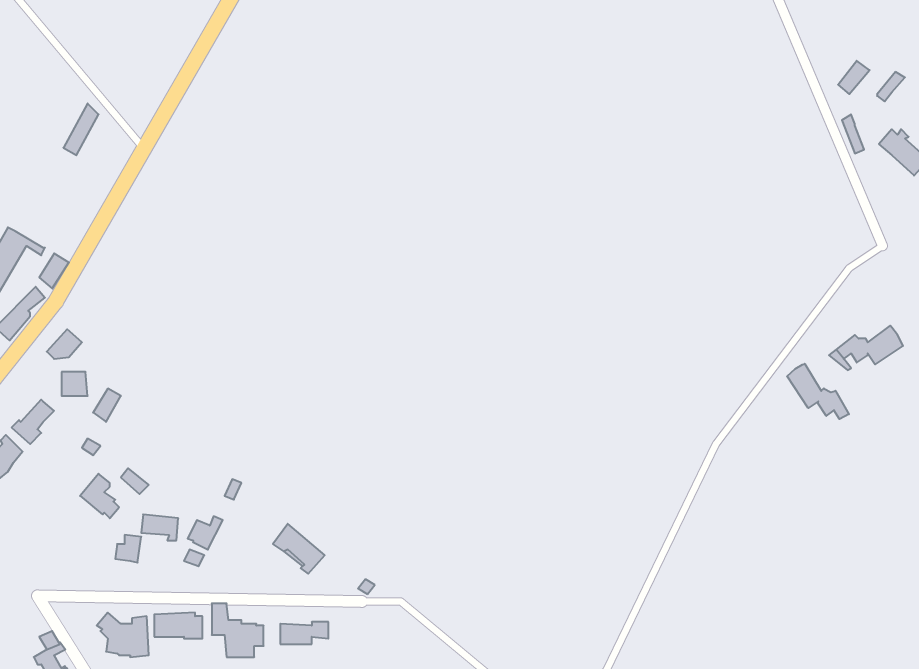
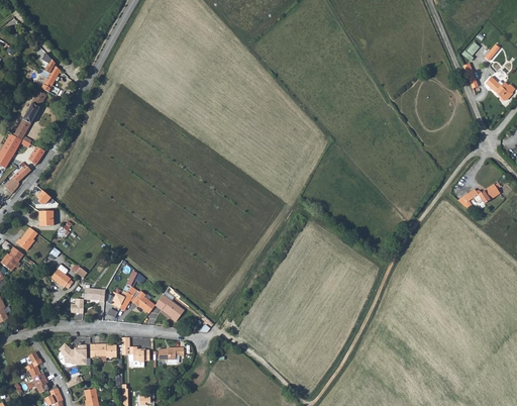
building: none -> [14,90,45,142]
building: [787,364,849,419] -> none
building: none -> [119,284,154,312]

